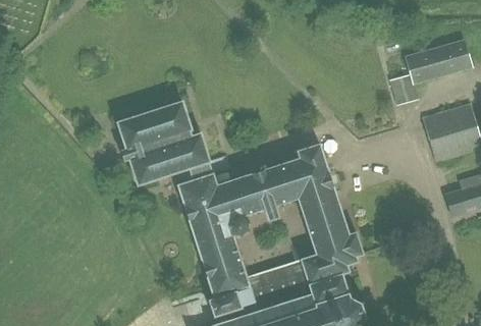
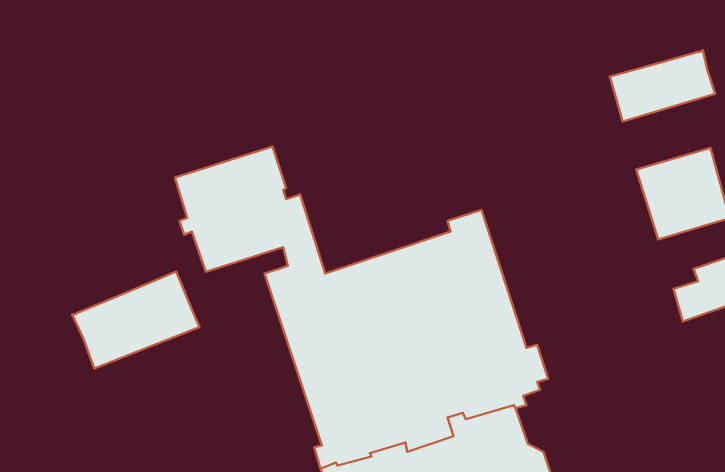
building: [389,73,419,105] -> none
building: none -> [72,272,199,369]

